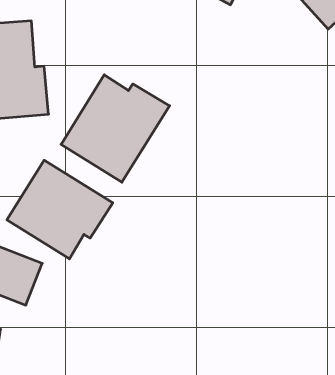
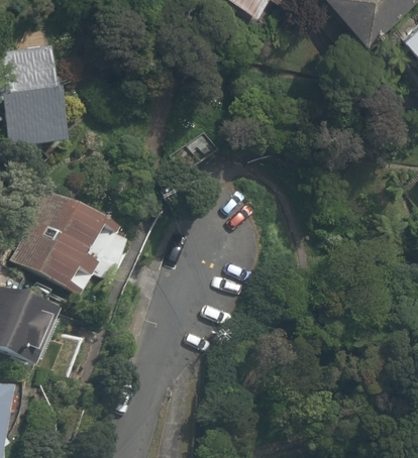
building: [61,75,170,182] -> none

